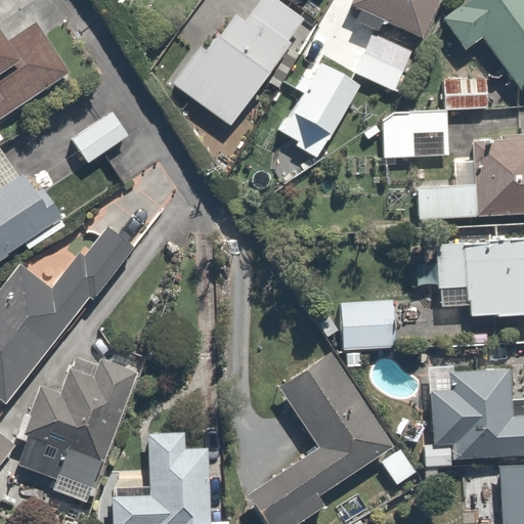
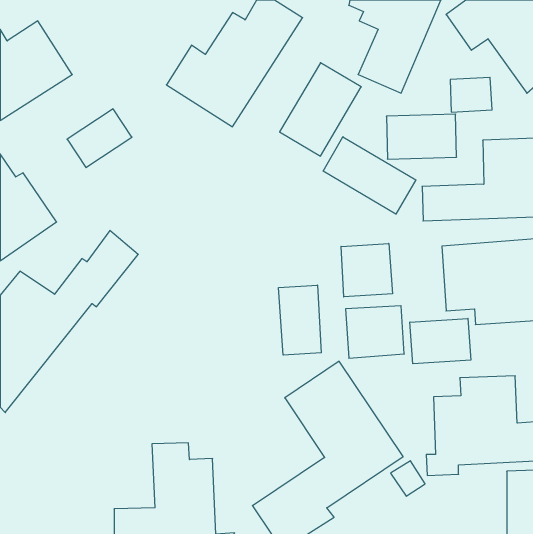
building: none -> [323,137,416,214]
building: none -> [341,243,392,297]
building: none -> [279,285,321,355]
building: none -> [410,318,471,364]
building: [11,357,134,504] -> none

